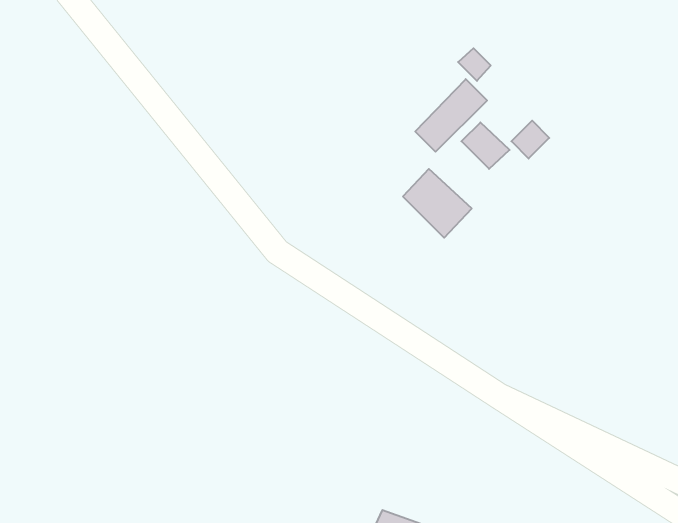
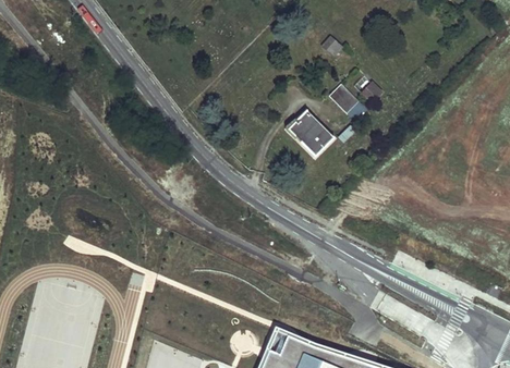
building: [415,79,487,152] -> none

